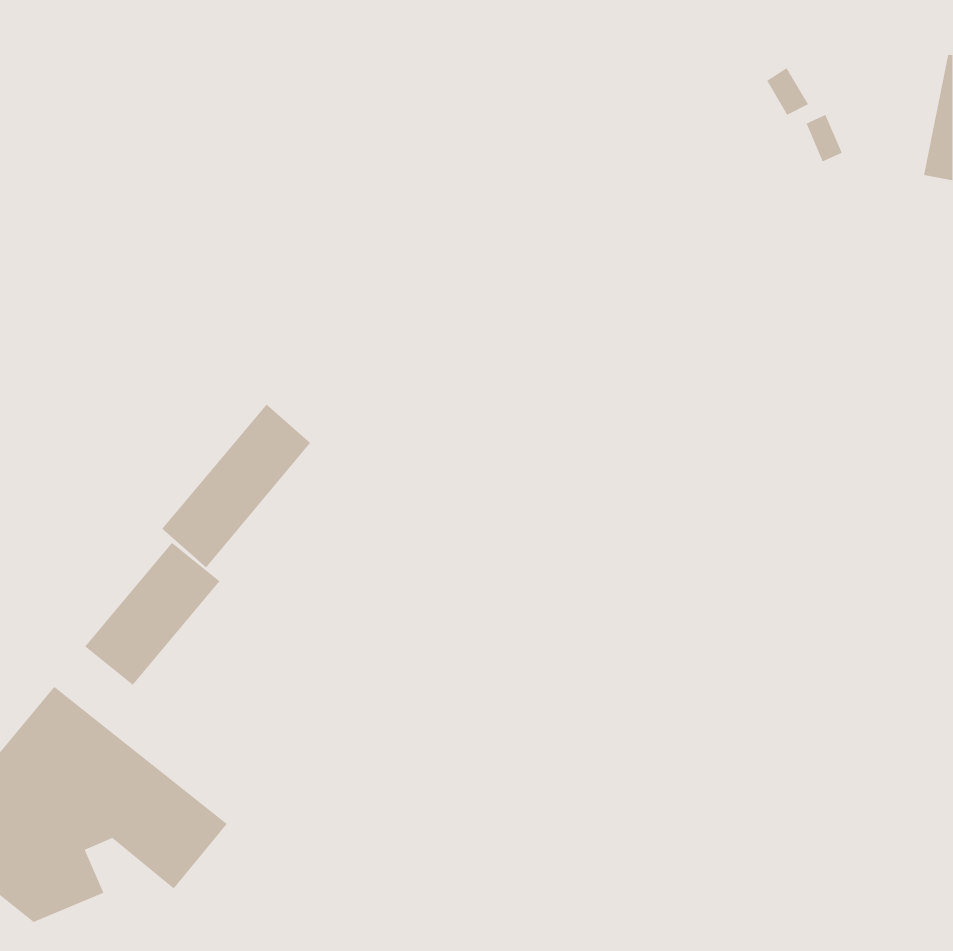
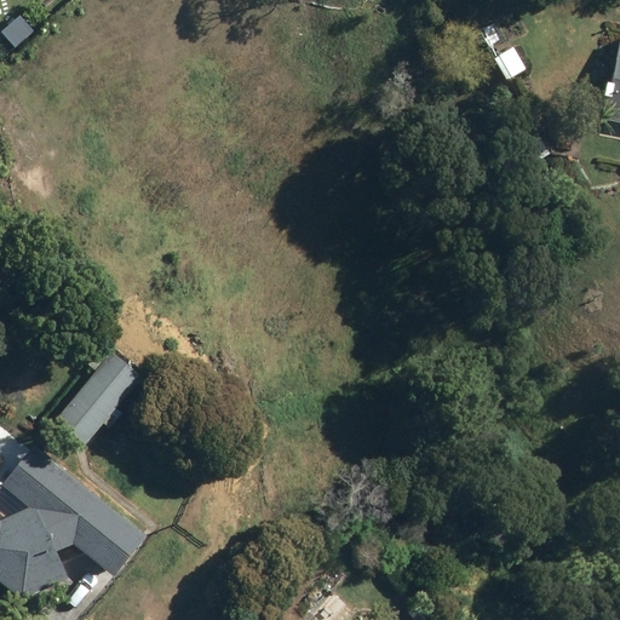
building: [161,403,311,568] -> none

